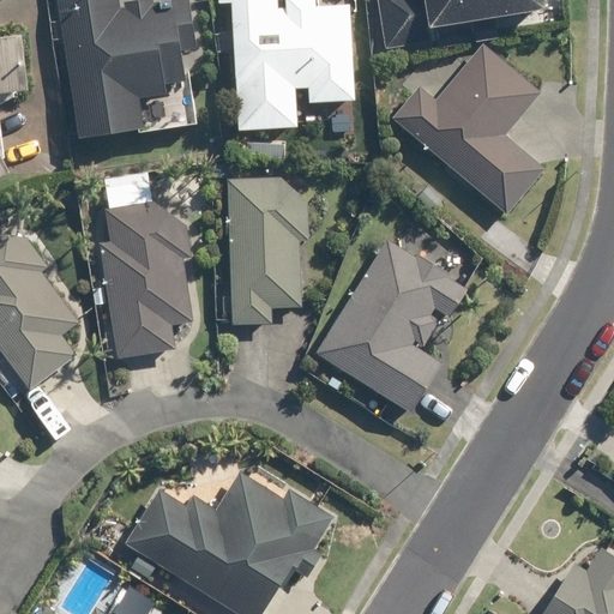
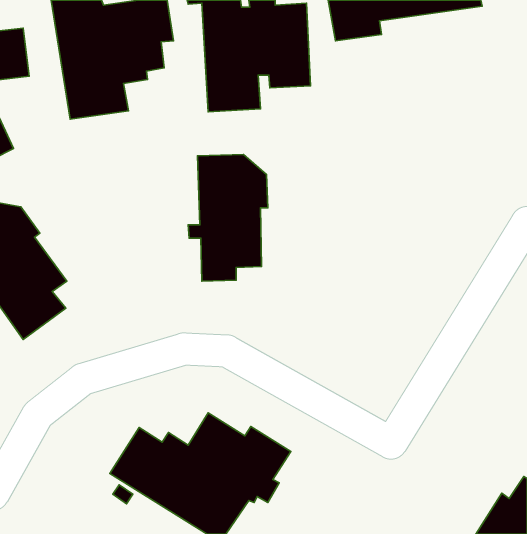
building: [392,46,546,213] -> none
building: [98,201,192,357] -> none
building: [315,240,465,411] -> none

